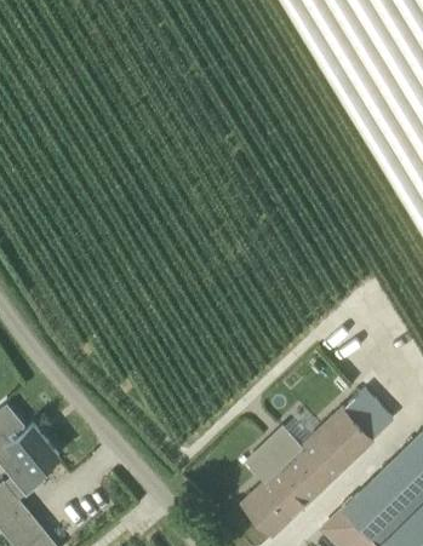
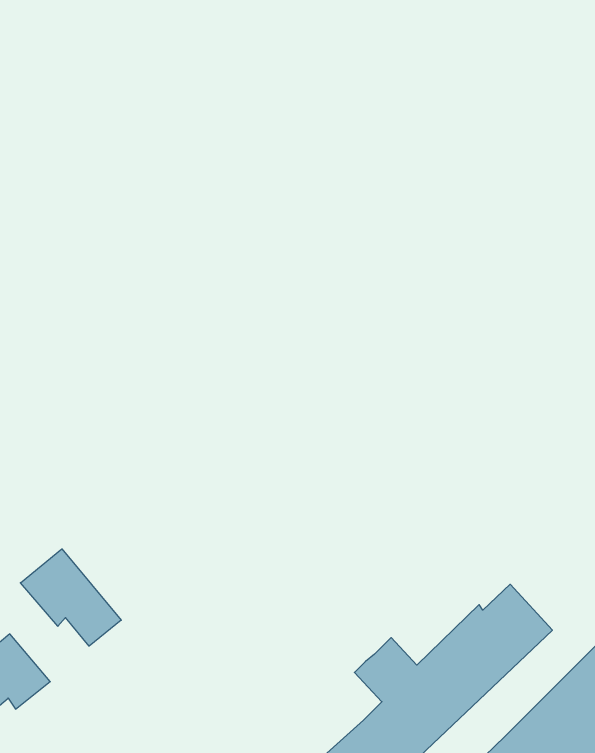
building: none -> [20,549,121,646]

